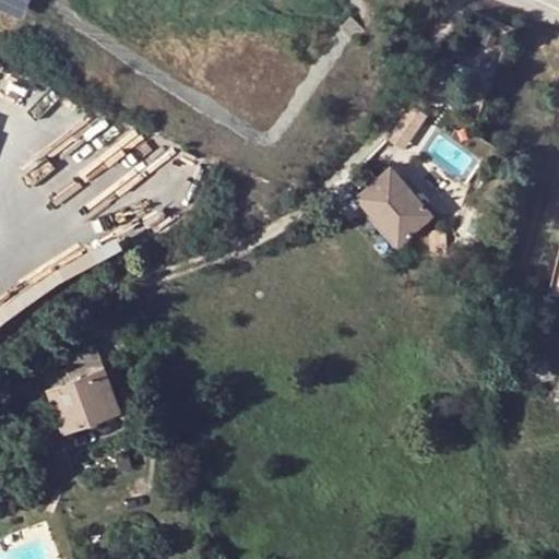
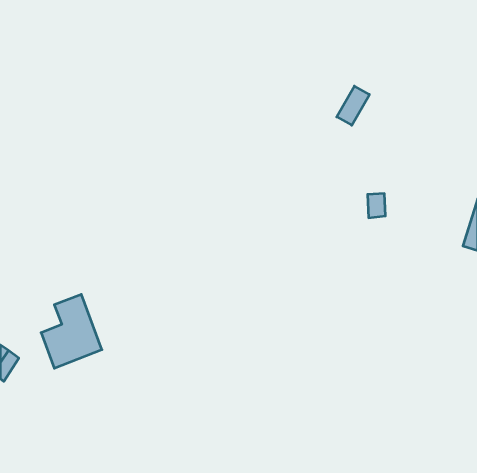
building: [358,170,433,247] -> none

